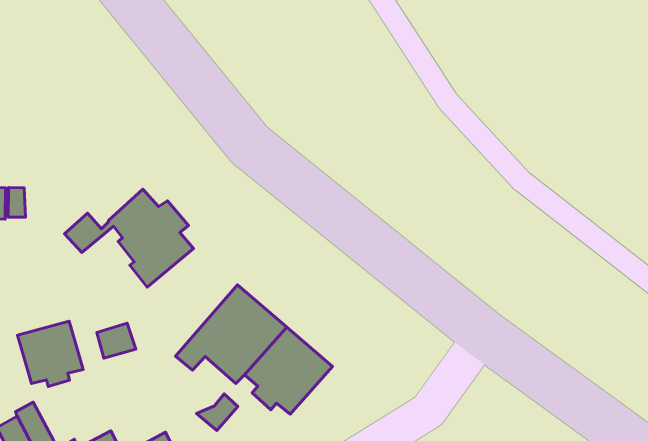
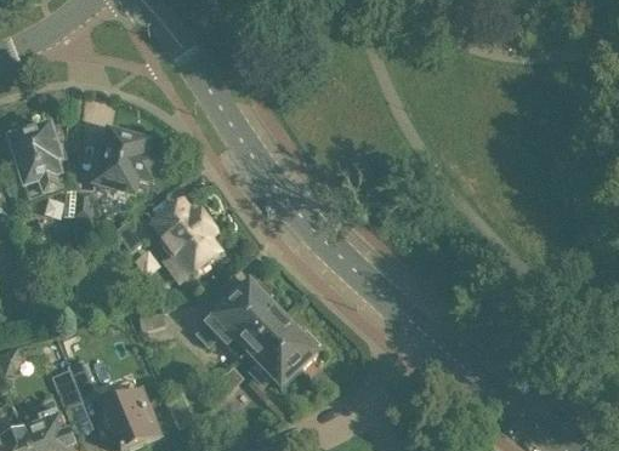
building: none -> [93,129,158,193]
building: [18,321,83,386] -> none

